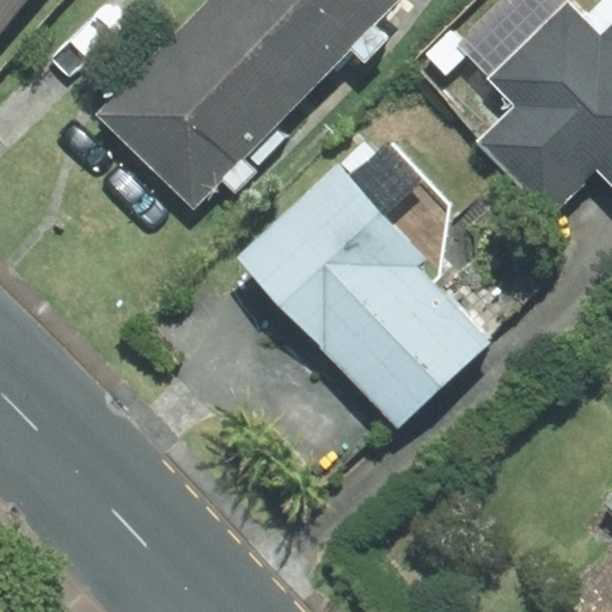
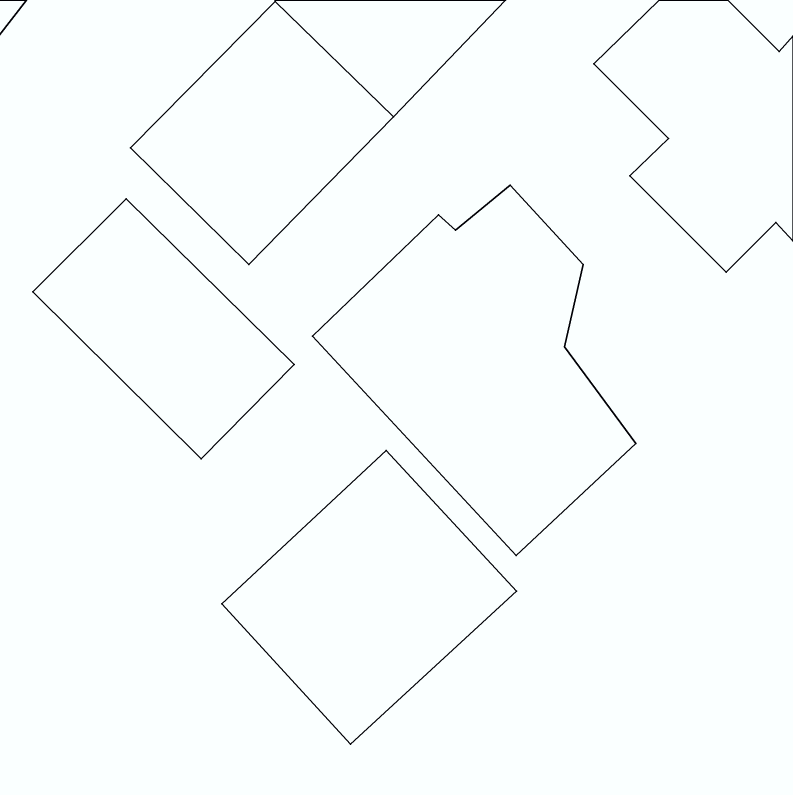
building: none -> [33,199,294,459]
building: none -> [222,451,516,744]

